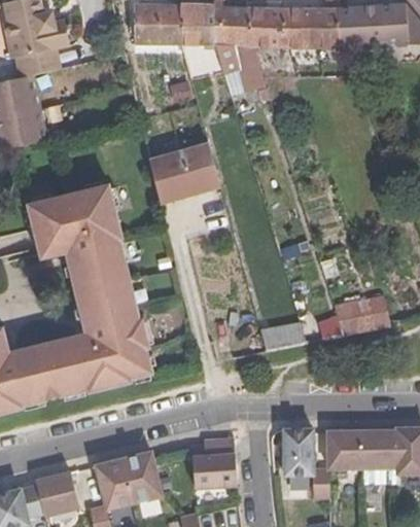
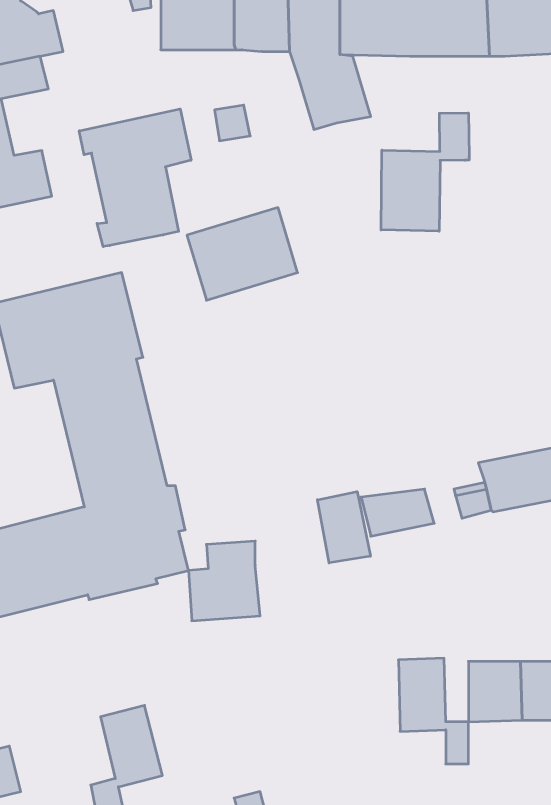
building: none -> [79,109,191,247]
building: none -> [381,113,469,231]
building: none -> [317,492,370,563]
building: [191,437,237,488] -> [188,541,260,621]
building: [122,451,162,502] -> none
building: [36,471,77,515] -> none

